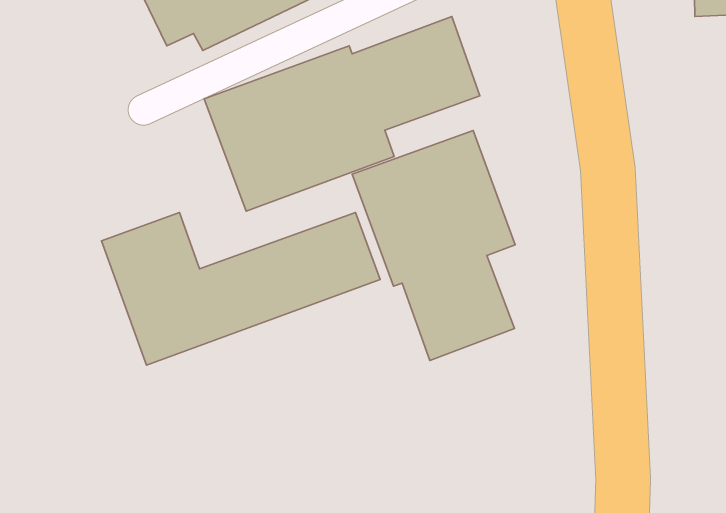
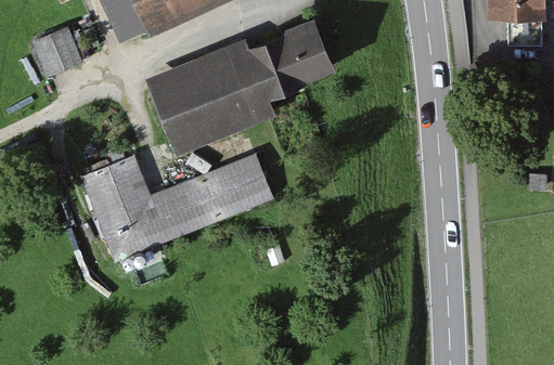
building: none -> [29,27,79,76]
building: [352,130,515,361] -> none

